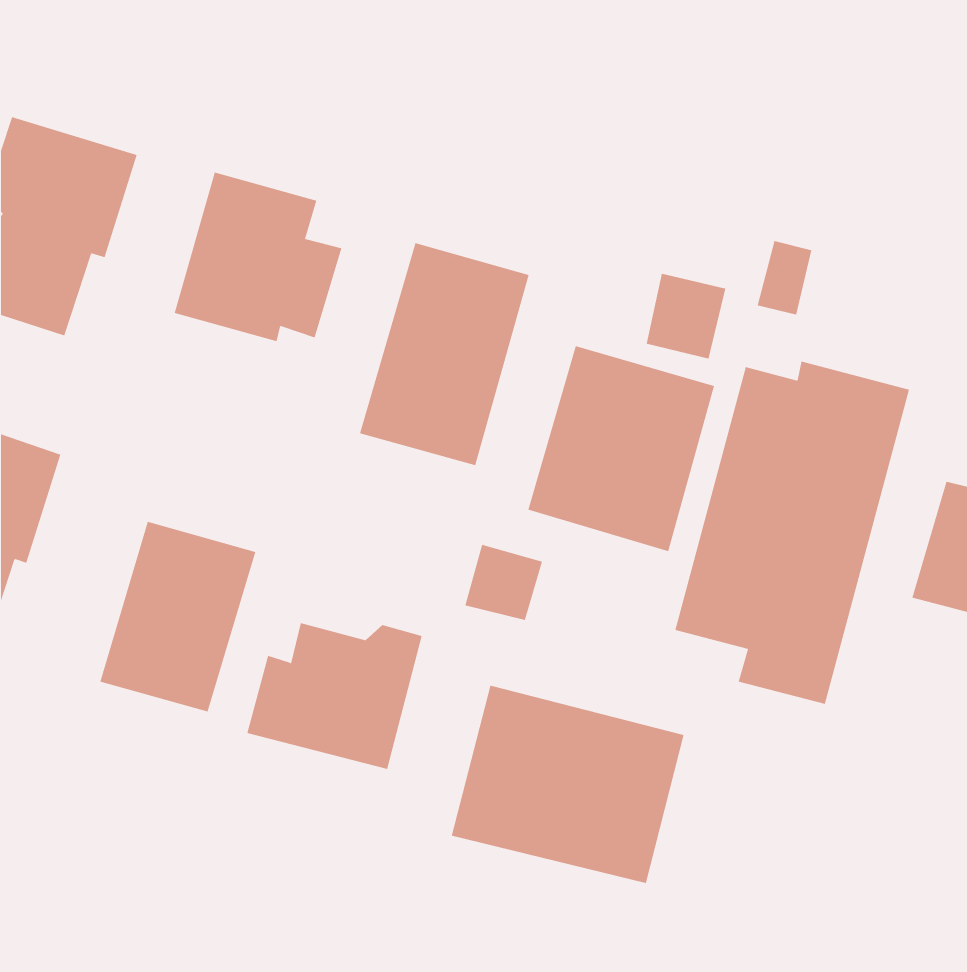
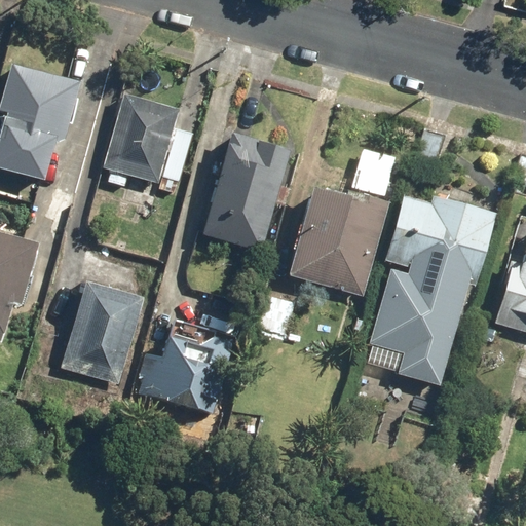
building: [451,685,684,884] -> none

